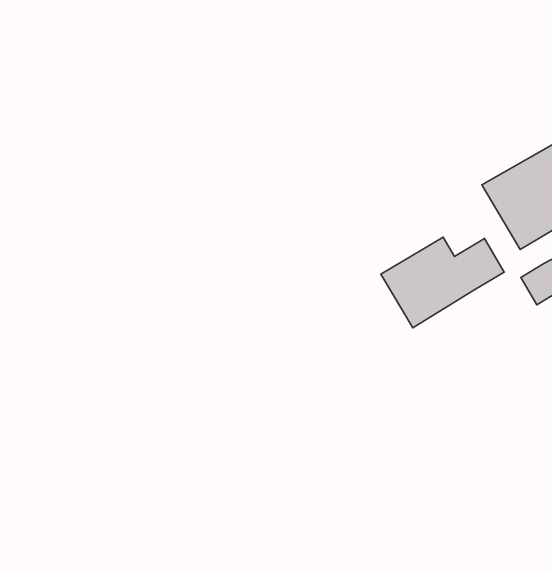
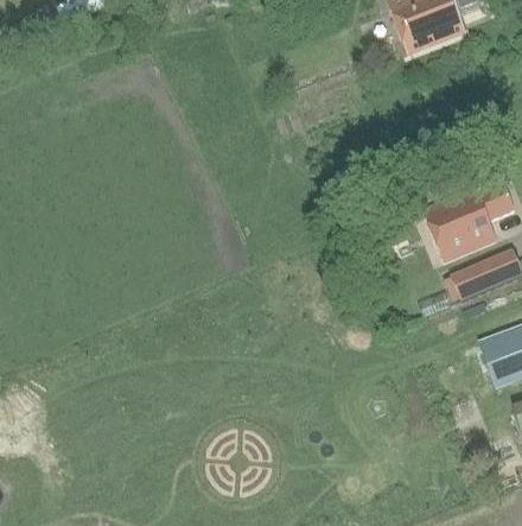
building: [381,237,504,328] -> none

